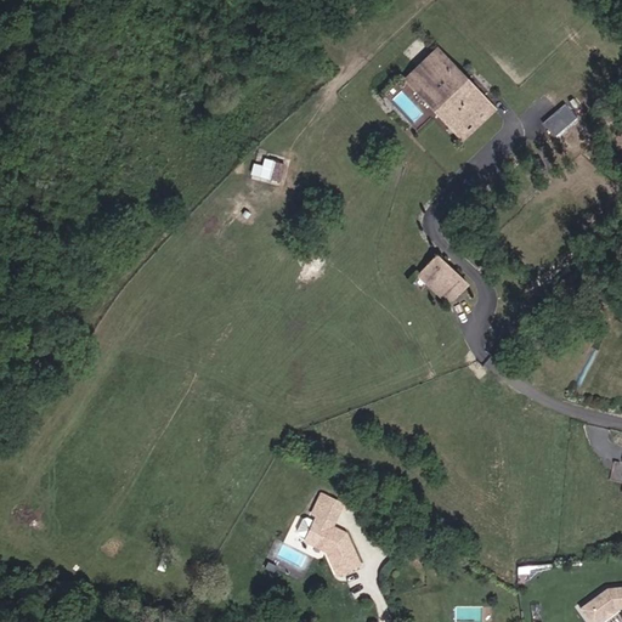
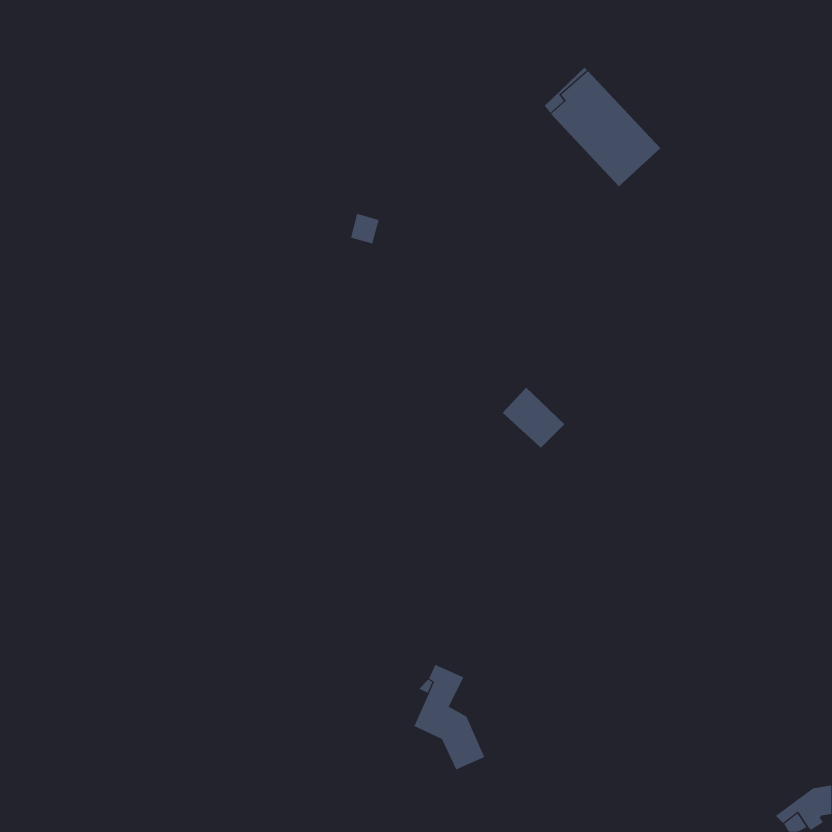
building: [545,102,579,135] -> none
building: [418,256,465,302] -> [502,387,565,449]

